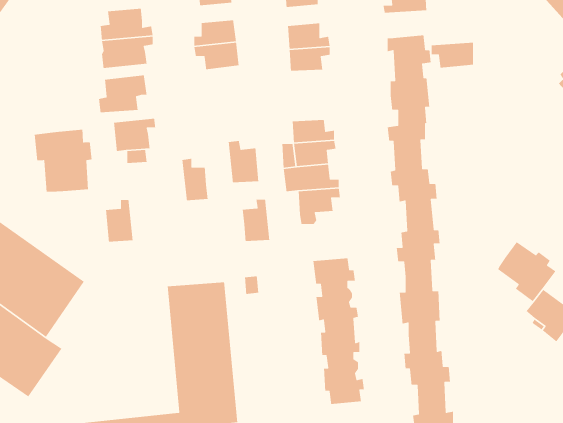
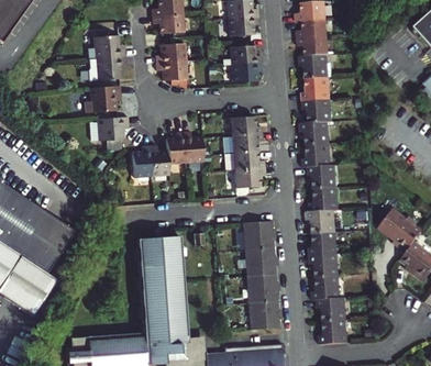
building: [431,42,474,68] -> [296,35,328,55]
building: [34,129,92,193] -> none
building: [242,199,270,242] -> [163,132,184,164]
building: [105,199,134,242] -> [129,145,150,177]

